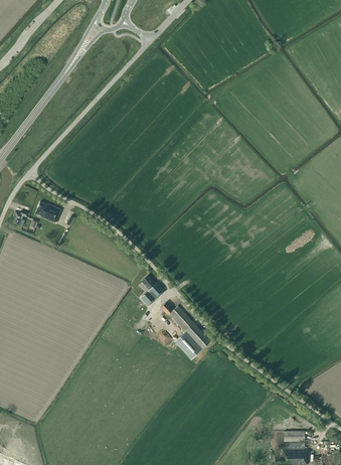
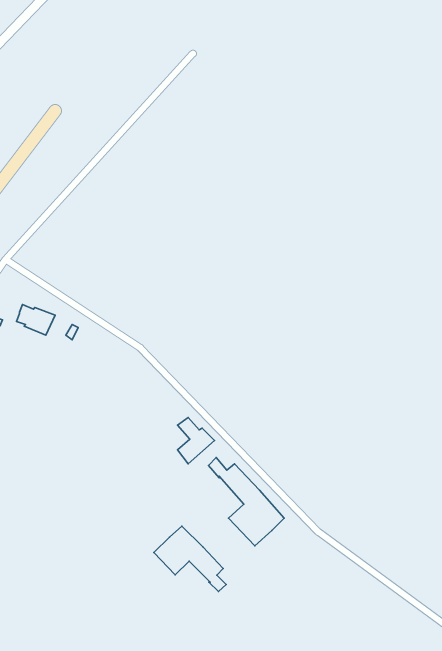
building: none -> [154,526,226,591]

